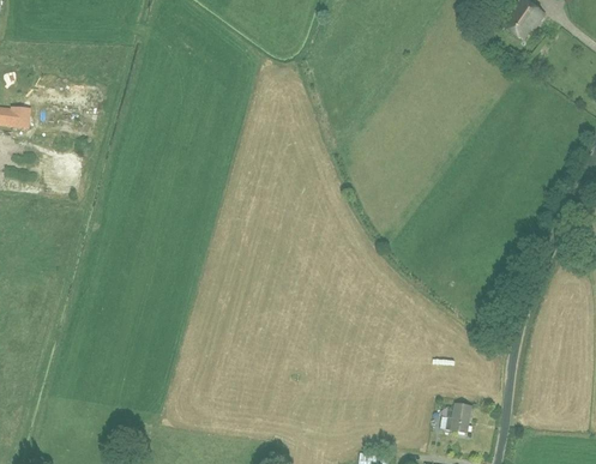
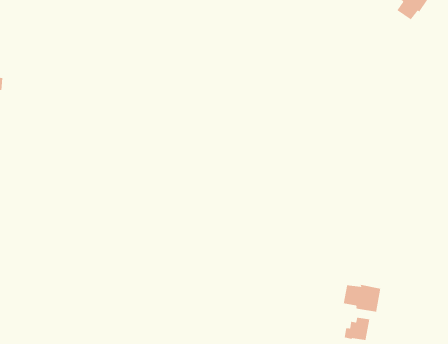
building: none -> [343,284,381,313]

